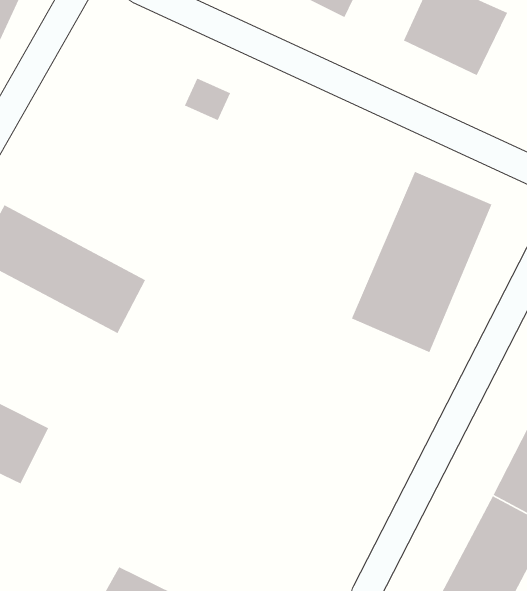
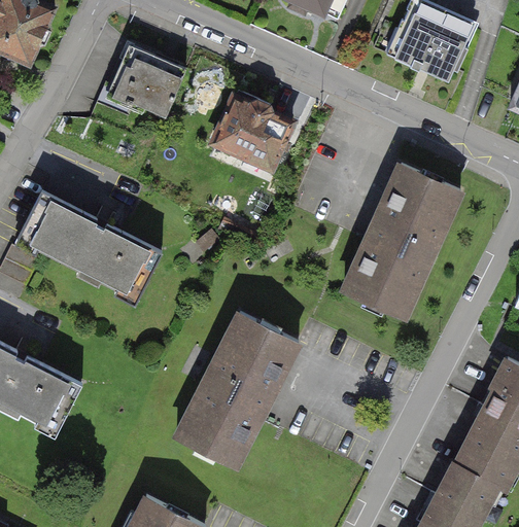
building: none -> [108,45,187,118]
building: none -> [214,96,297,176]
building: none -> [166,315,299,486]

